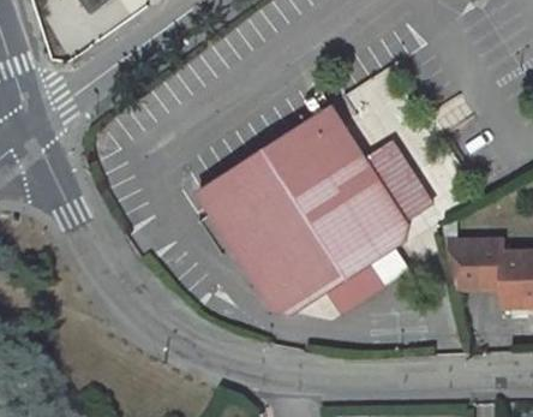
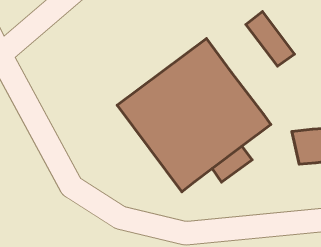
building: [365,138,431,218] -> [246,11,294,66]

